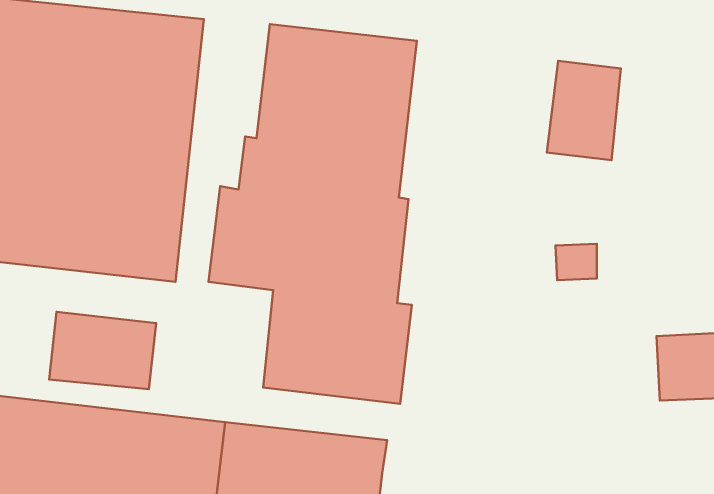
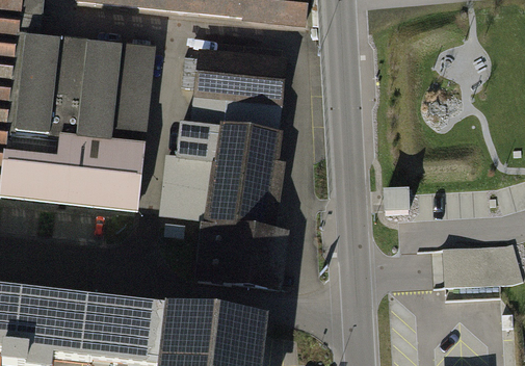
building: [547,61,621,160] -> none
building: [49,312,156,389] -> none

